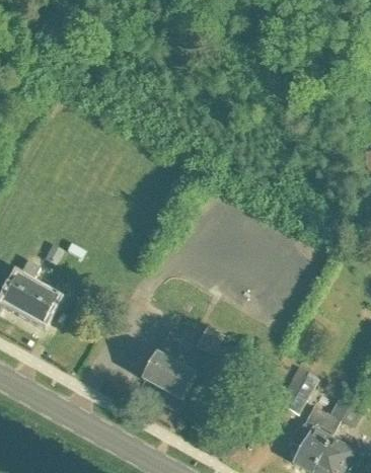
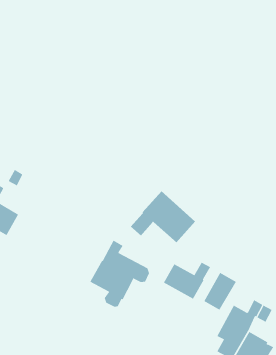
building: none -> [130,190,196,243]
building: none -> [163,262,211,300]

